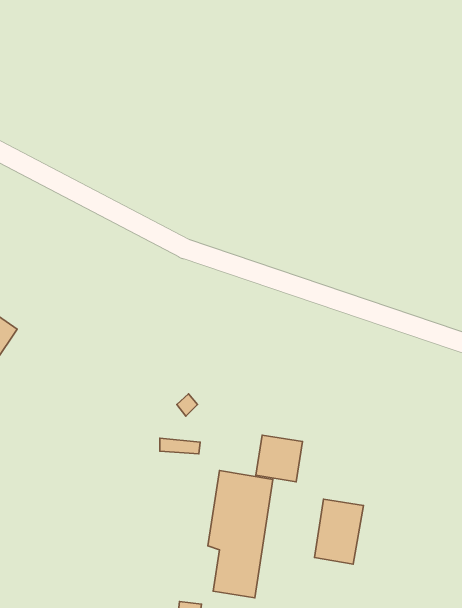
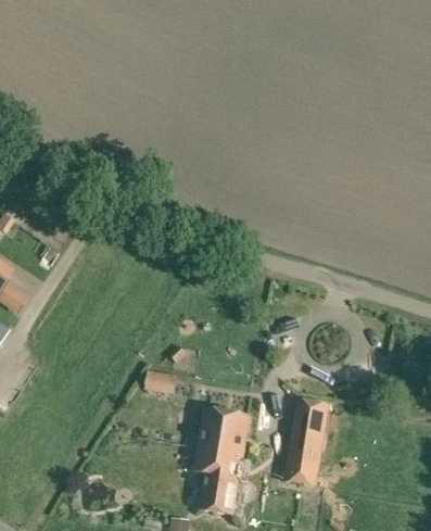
building: [256,435,303,482] -> [291,397,330,437]

